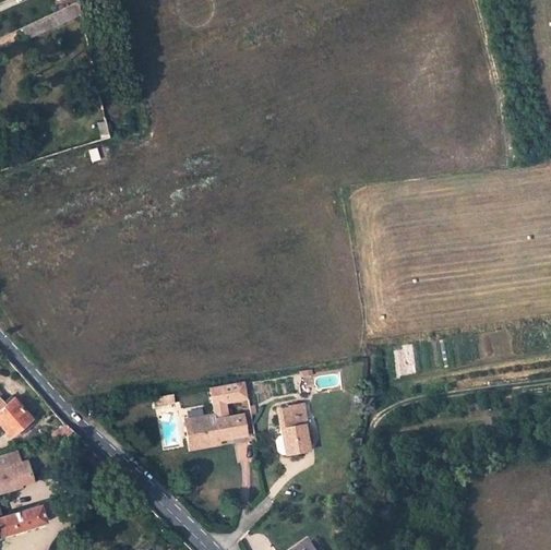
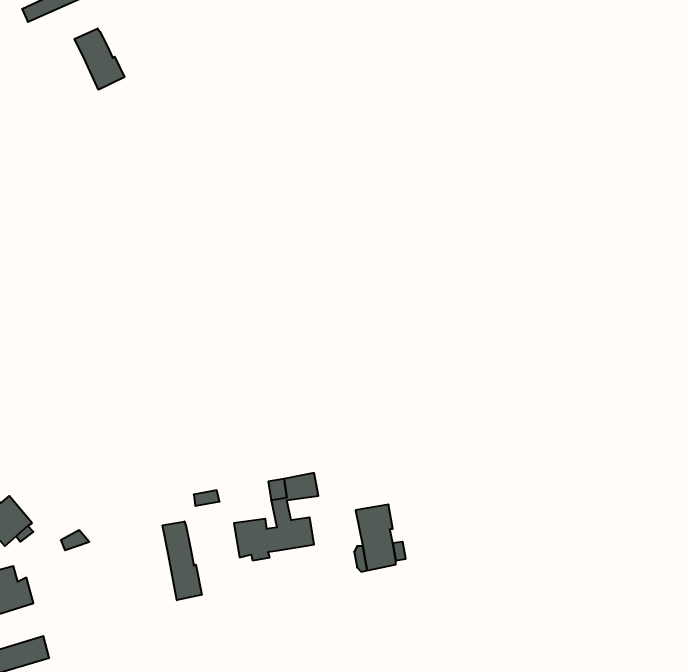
building: none -> [75,28,125,90]
building: none -> [163,521,202,600]

